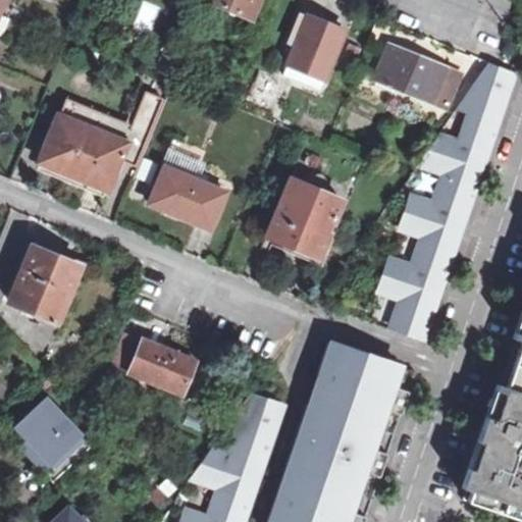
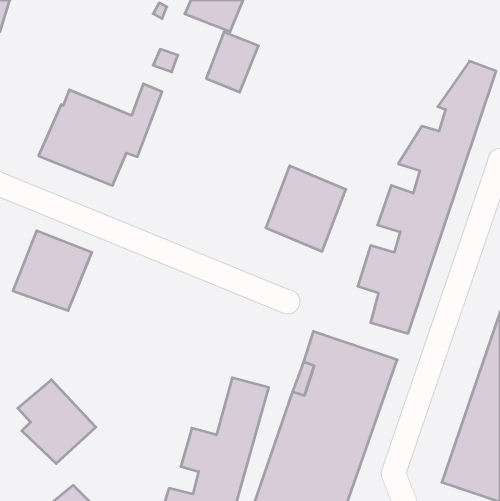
building: [288,14,342,76] -> [206,32,259,92]
building: [376,43,462,109] -> none
building: [152,164,238,233] -> none
building: [113,328,208,399] -> none

